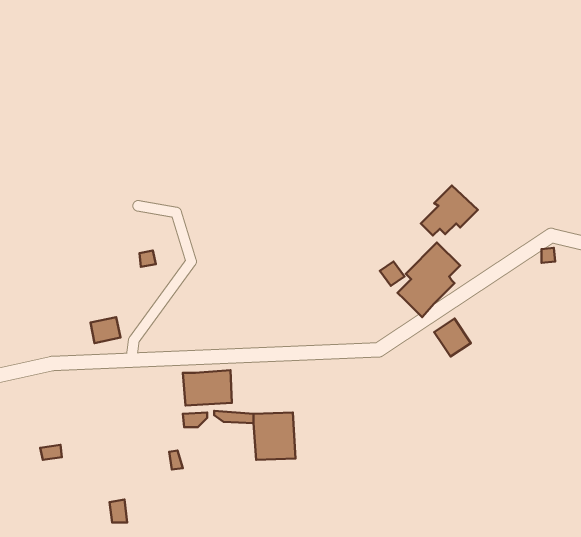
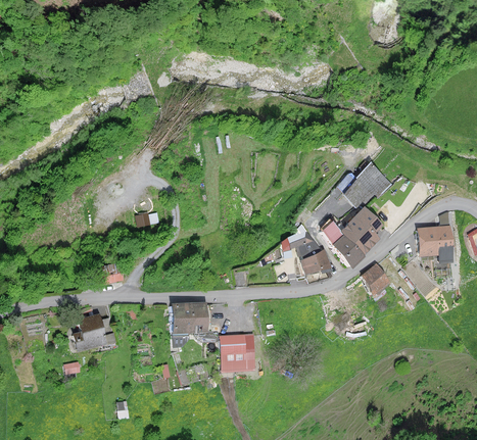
building: none -> [419,225,455,253]
building: none -> [279,229,328,274]
building: none -> [73,313,105,349]

